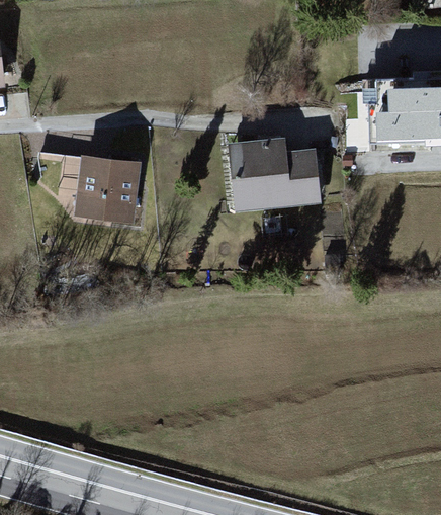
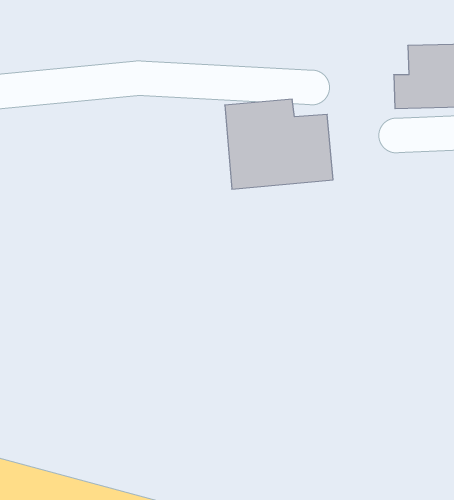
building: [40,150,141,223] -> none

